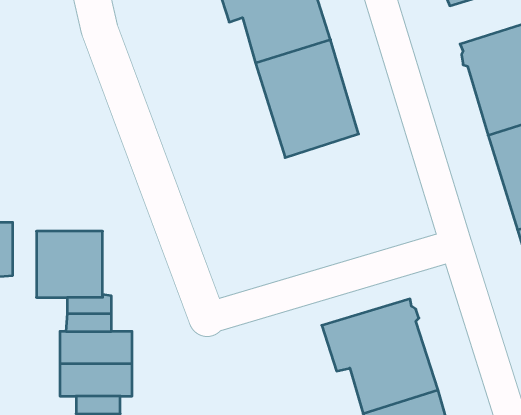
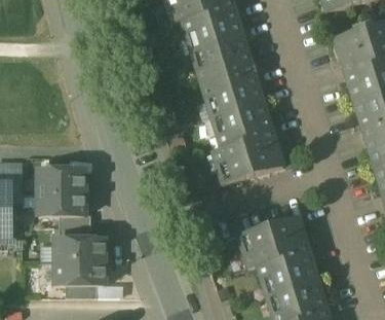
building: none -> [211,100,282,182]

